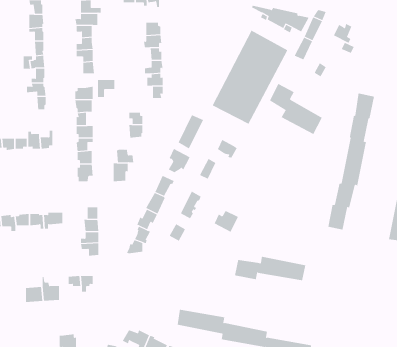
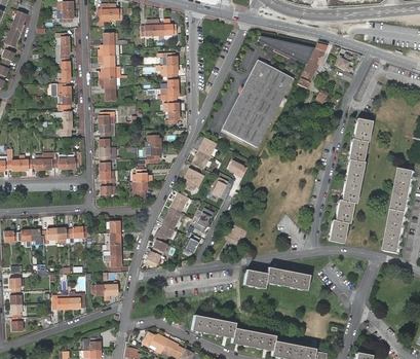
building: [269,83,323,135] -> none

